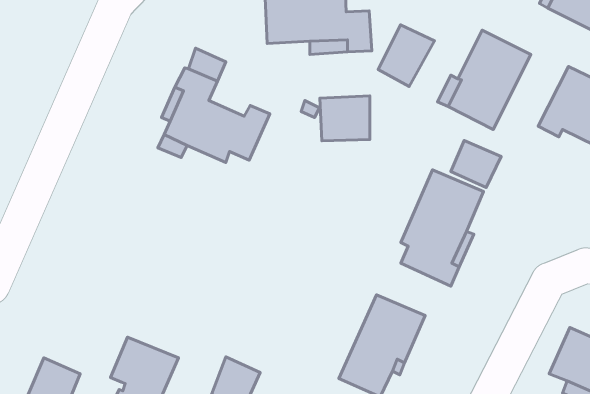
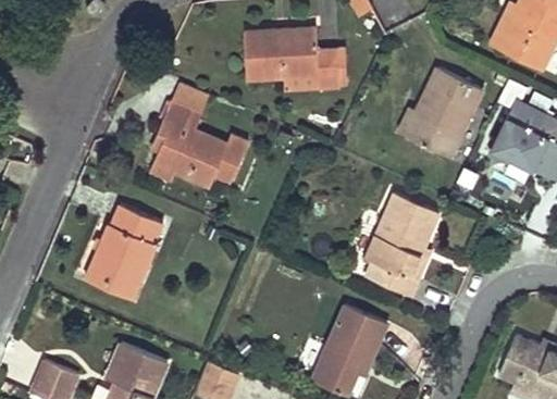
building: [378,25,434,87] -> none
building: [320,96,370,141] -> none
building: [451,141,501,187] -> none
building: none -> [85,203,162,299]

